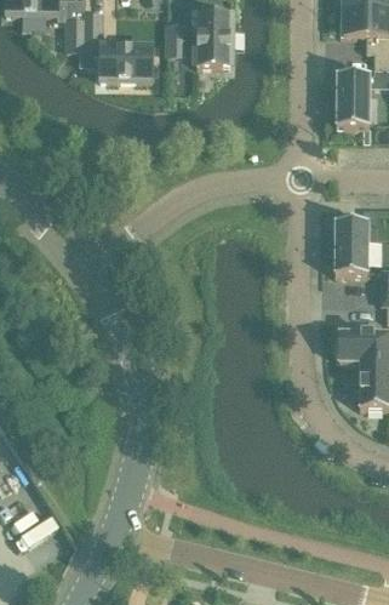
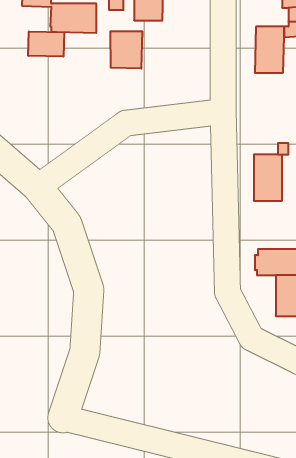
building: none -> [110,31,142,69]
building: none -> [28,31,64,57]

